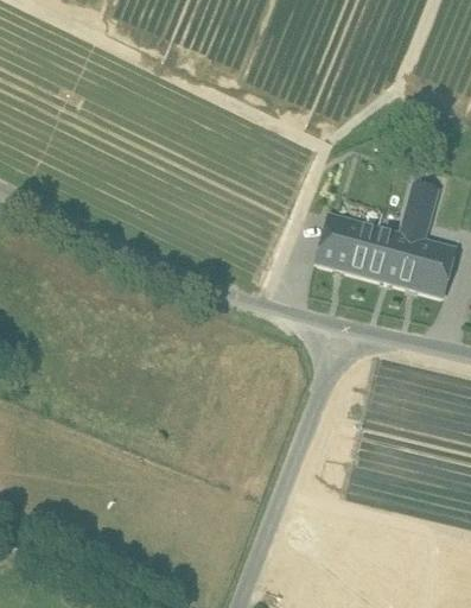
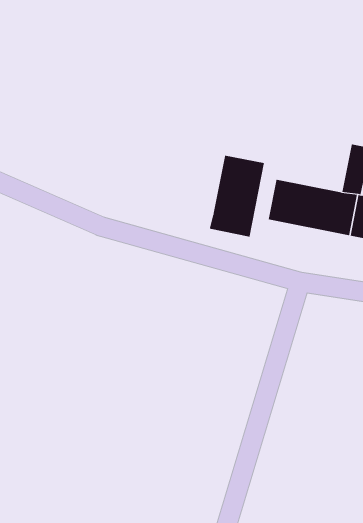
building: none -> [209,155,265,237]

